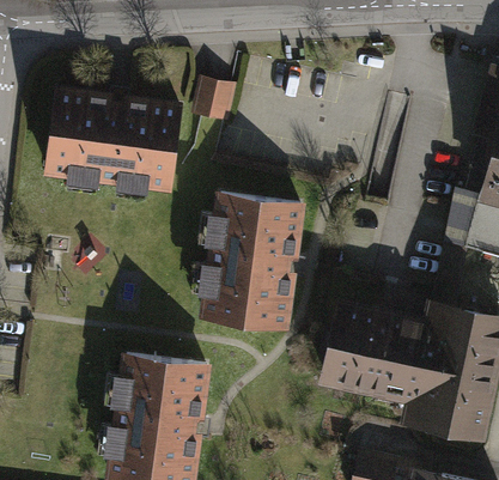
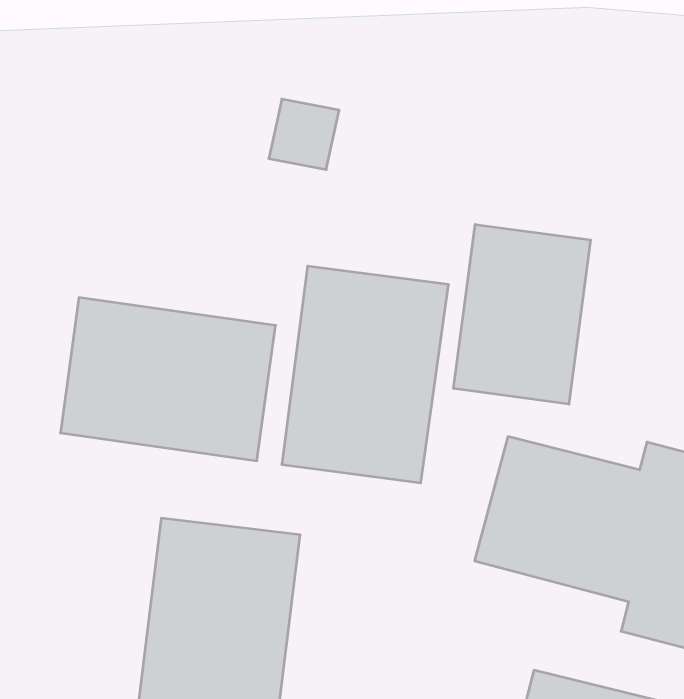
building: [41,85,179,190] -> [60,298,276,461]
building: none -> [454,224,591,404]

